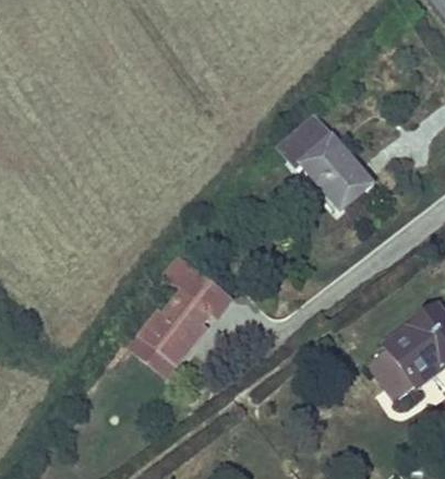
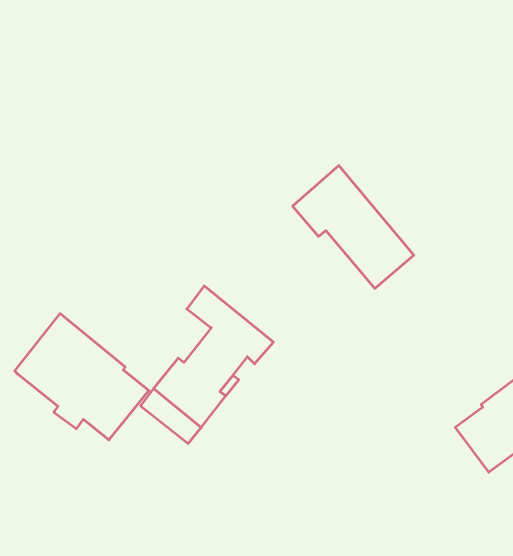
building: [278,116,370,208] -> [293,166,414,288]
building: none -> [15,314,149,440]

